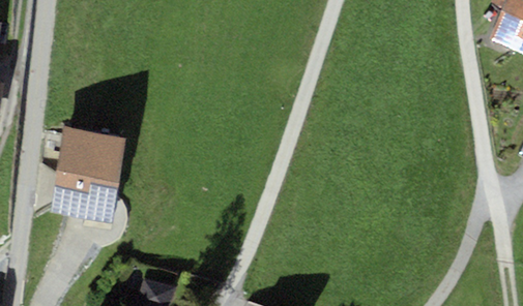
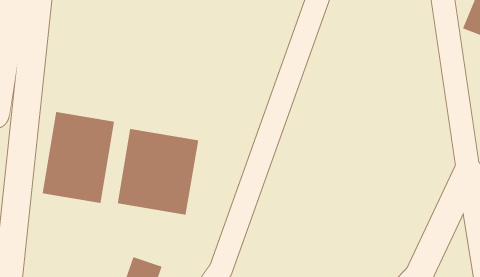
building: none -> [117,128,199,215]

